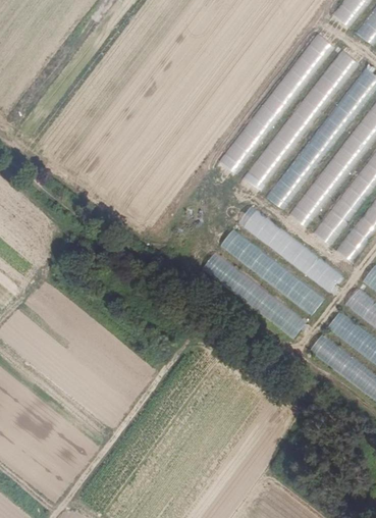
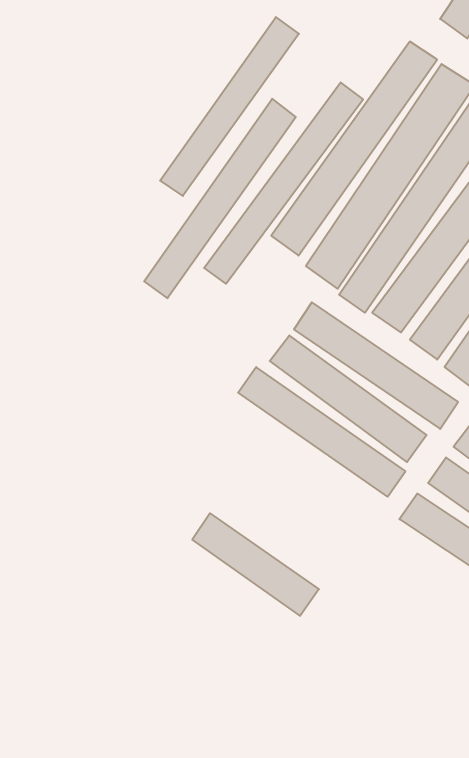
building: none -> [160,17,299,196]
building: none -> [204,82,363,284]
building: none -> [144,99,296,298]
building: none -> [192,513,319,616]

